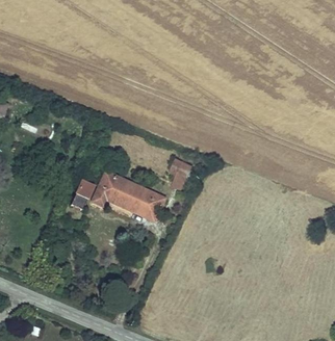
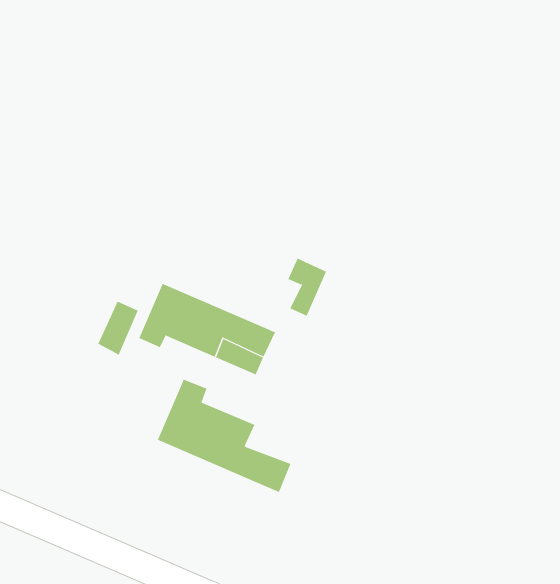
building: none -> [157,379,291,493]

